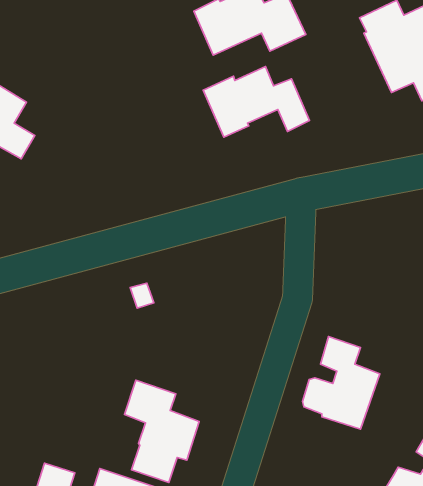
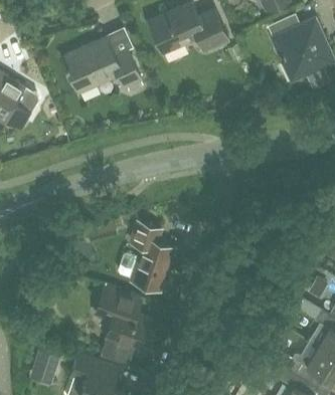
building: [203,67,310,137] -> [62,40,140,91]
building: [302,337,380,429] -> [119,223,175,290]

